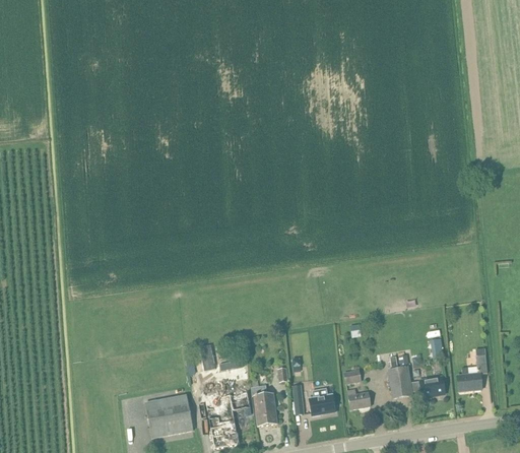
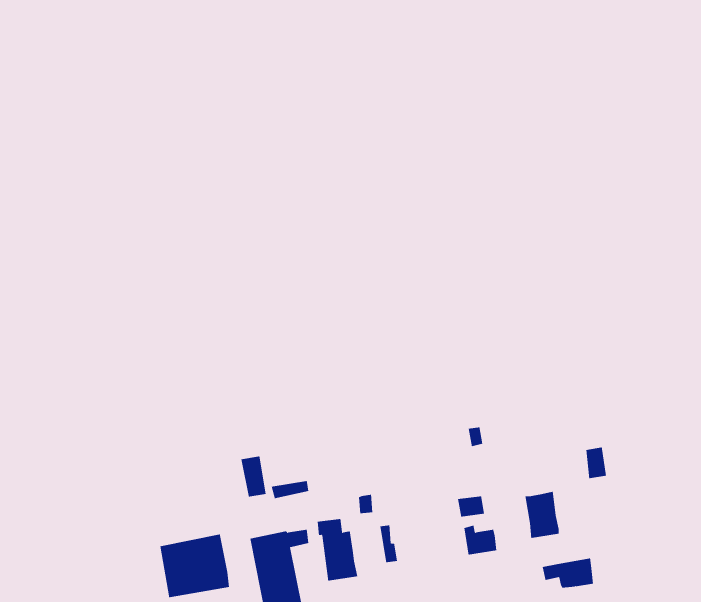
building: [457,353,486,390] -> none
building: [409,376,444,396] -> [542,558,594,588]
building: [309,393,334,415] -> none

